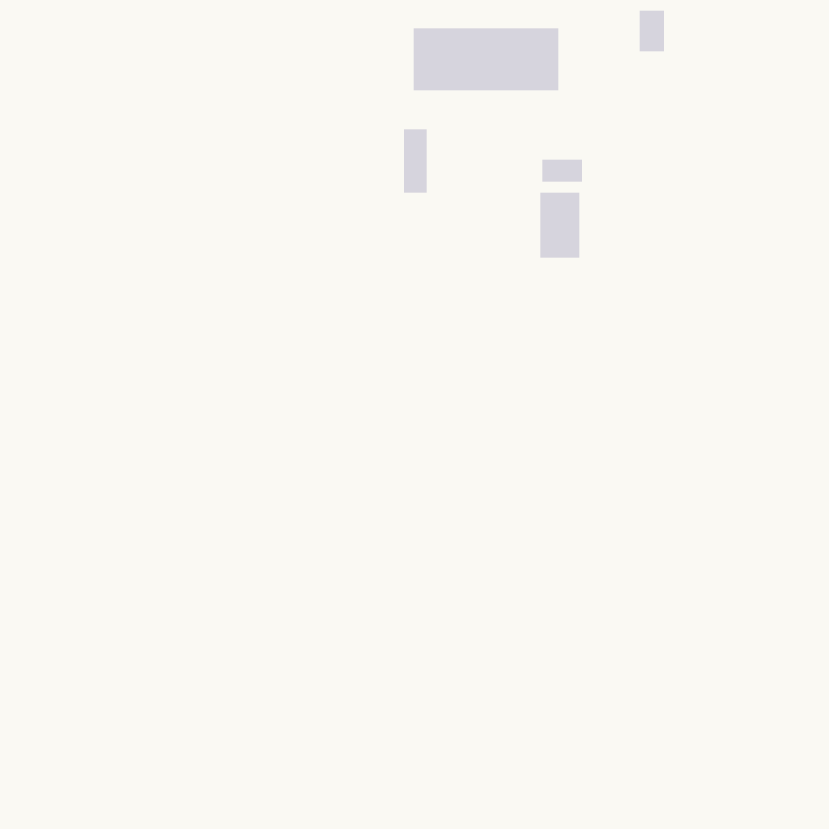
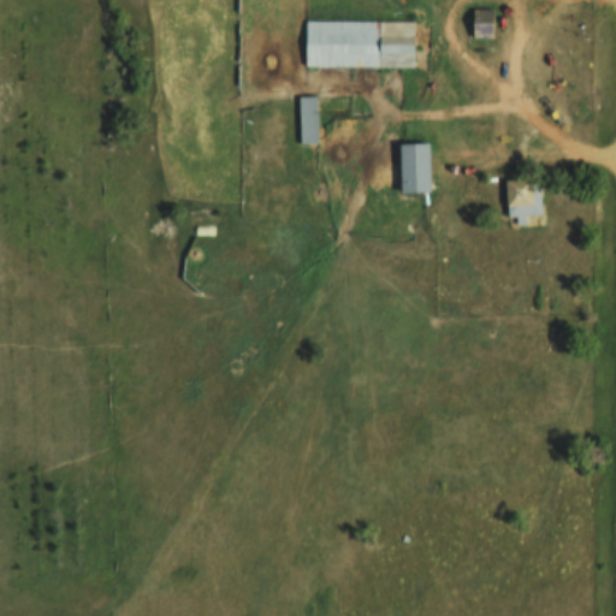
building: [541,159,583,183] -> none
building: none -> [507,177,541,225]

